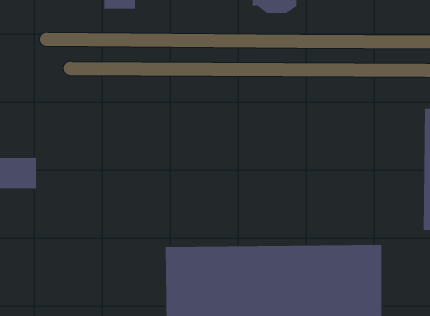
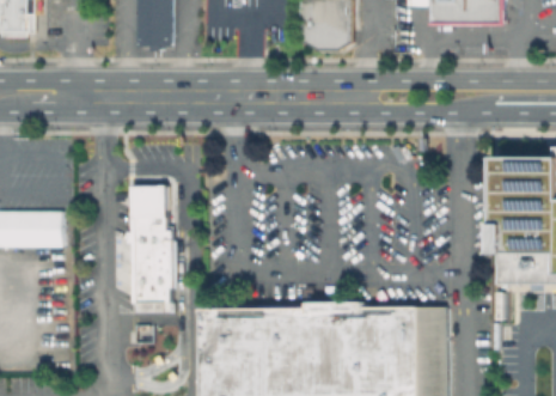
building: none -> [126,184,173,311]

